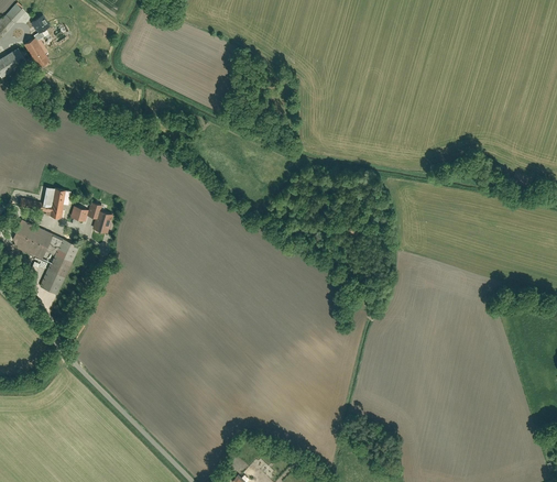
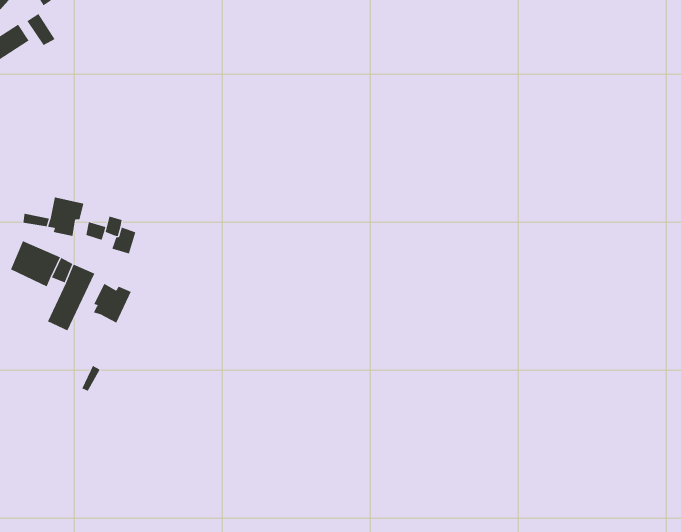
building: none -> [93,283,132,324]

